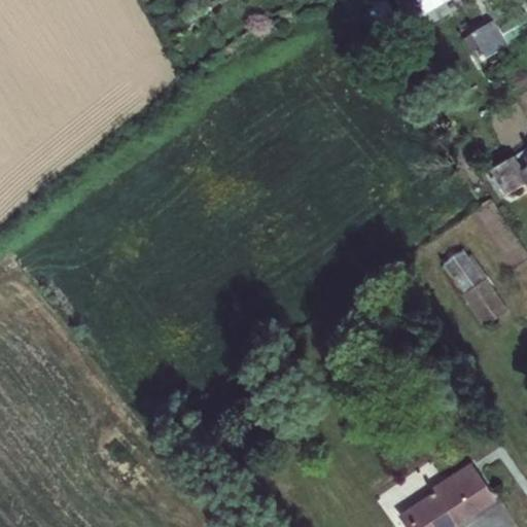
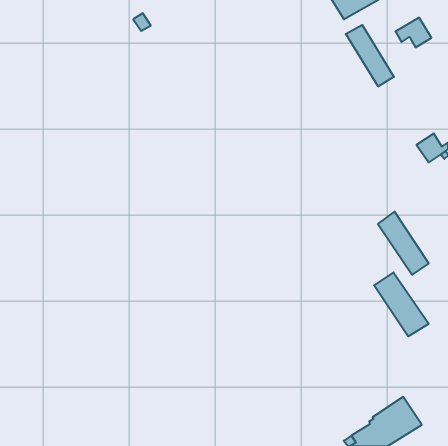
building: none -> [346,25,394,86]
building: none -> [374,272,429,336]

